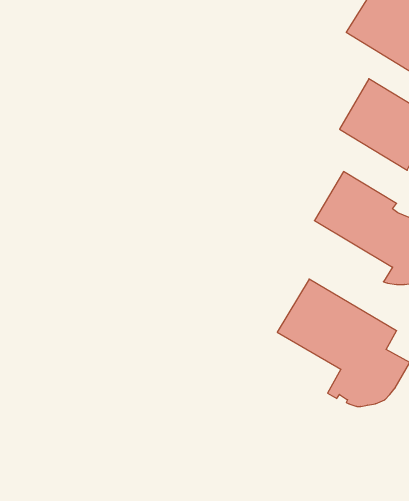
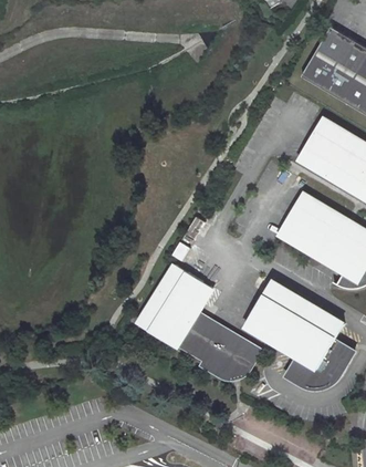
building: none -> [136,267,260,378]

